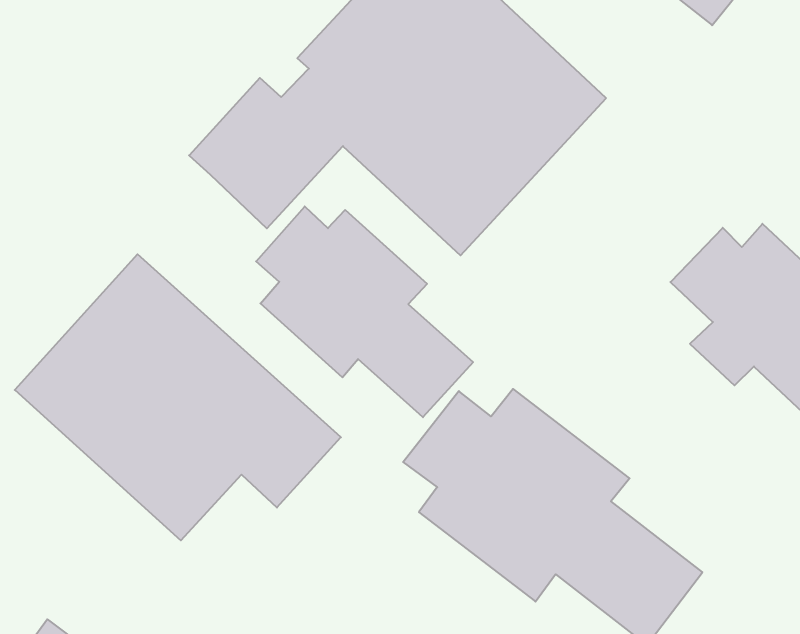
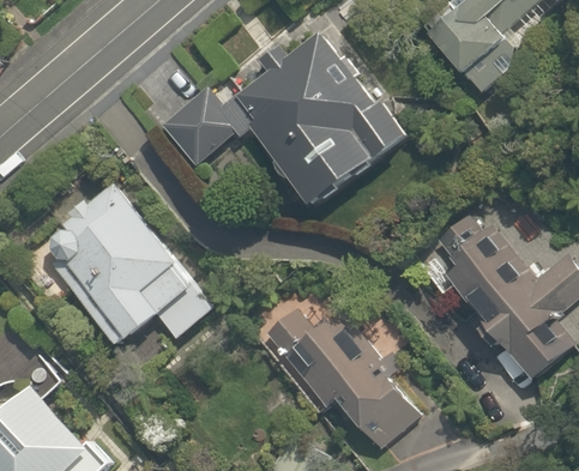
building: [256,206,473,417] -> none

